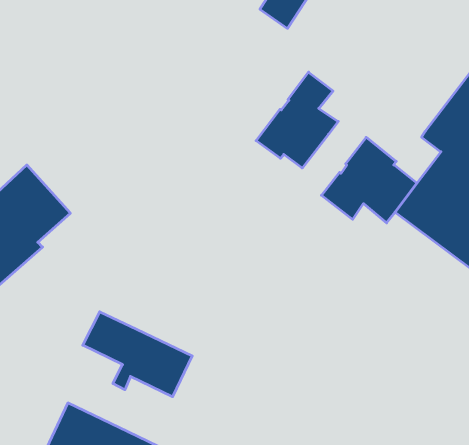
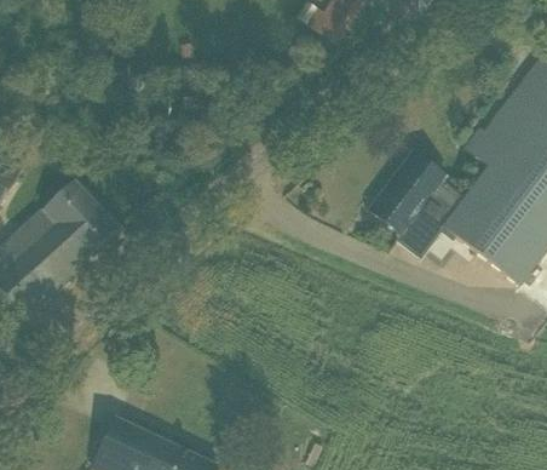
building: [256,72,338,168] -> none
building: [83,312,192,397] -> none

